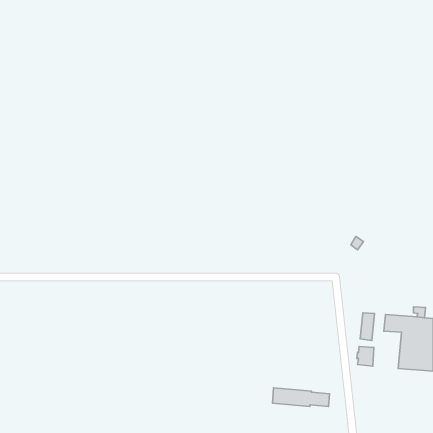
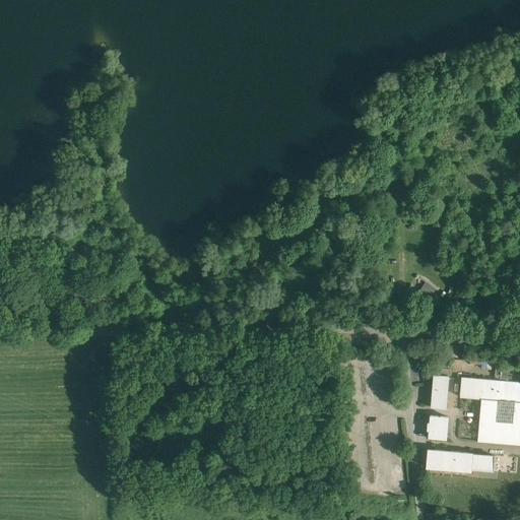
building: [273,388,329,407] -> [427,449,495,471]

